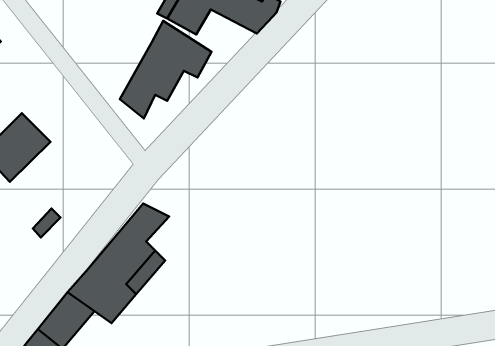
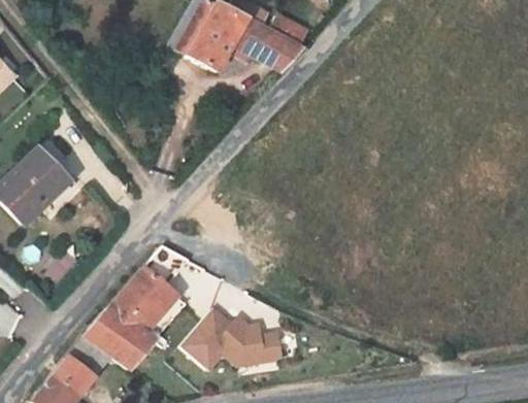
building: [120,21,211,118] -> none
building: none -> [180,307,283,369]

